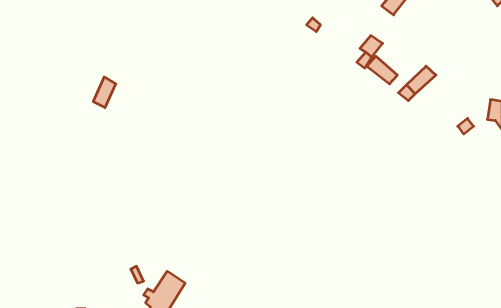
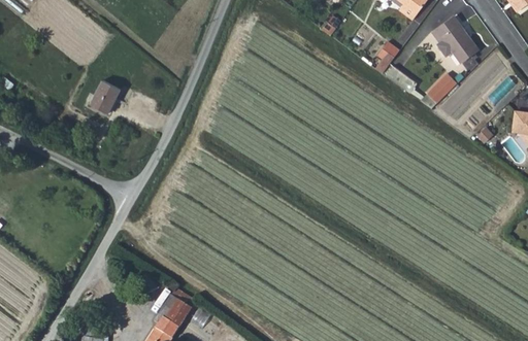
building: none -> [431,16,477,62]

